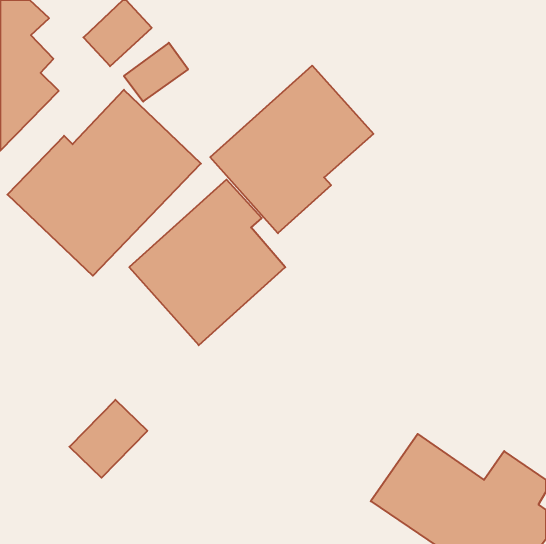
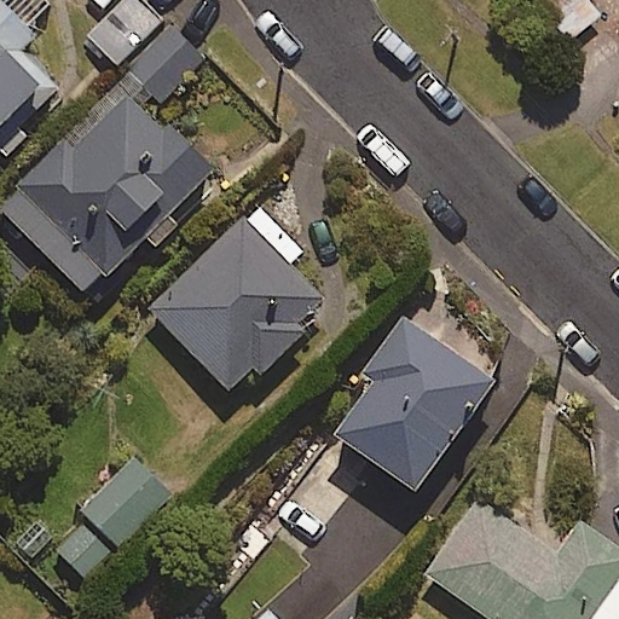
building: [210,66,373,233] -> none
building: none -> [334,307,501,486]

